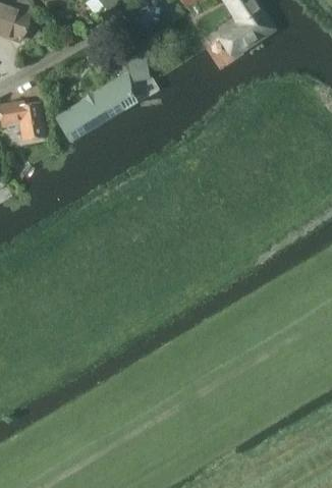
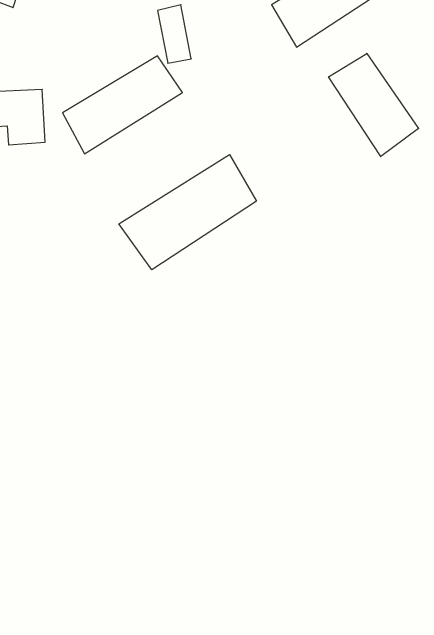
building: none -> [329,53,419,157]
building: none -> [119,155,256,270]

